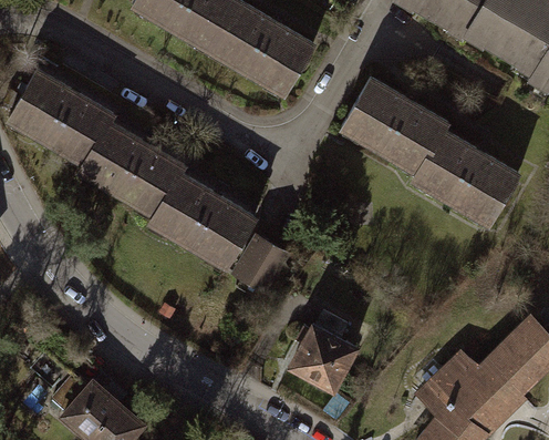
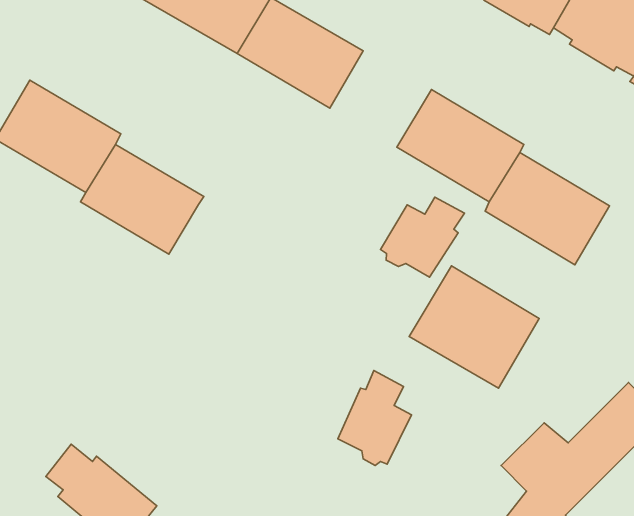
building: none -> [381,197,465,277]
building: [149,174,252,266] -> none
building: none -> [409,266,539,388]
building: [237,237,284,289] -> none

